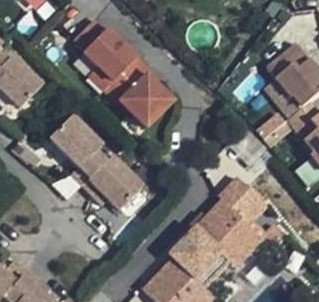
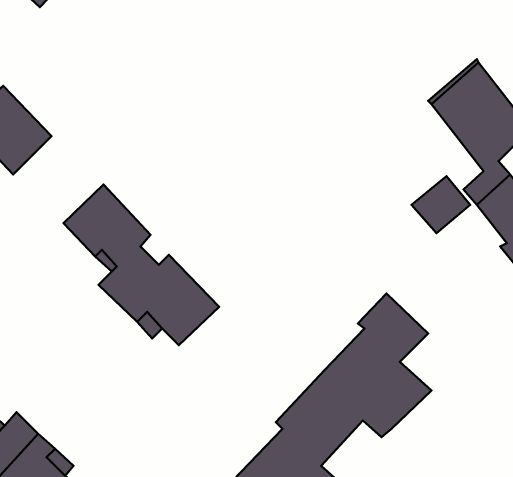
building: [72,14,179,129] -> none

